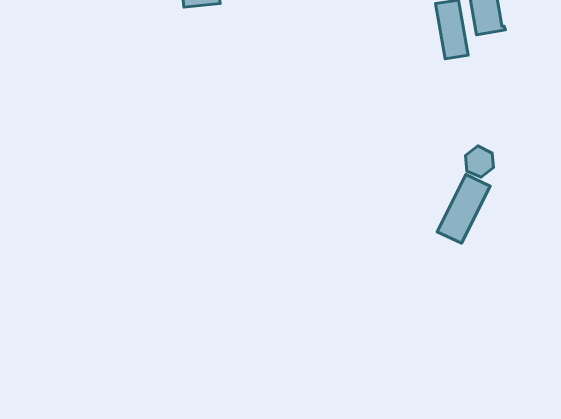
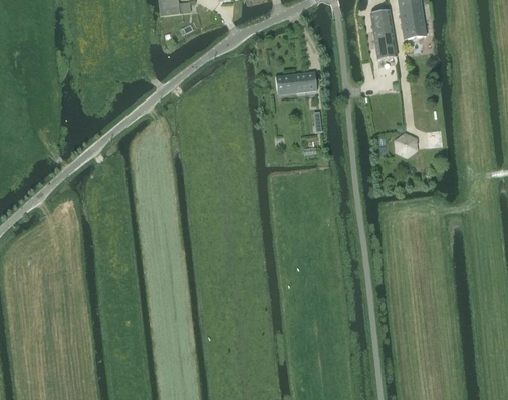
building: none -> [276,70,317,94]
building: [437,175,490,243] -> none

